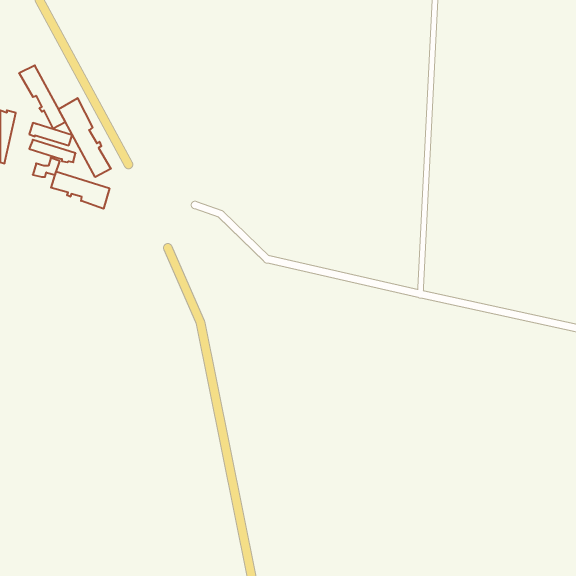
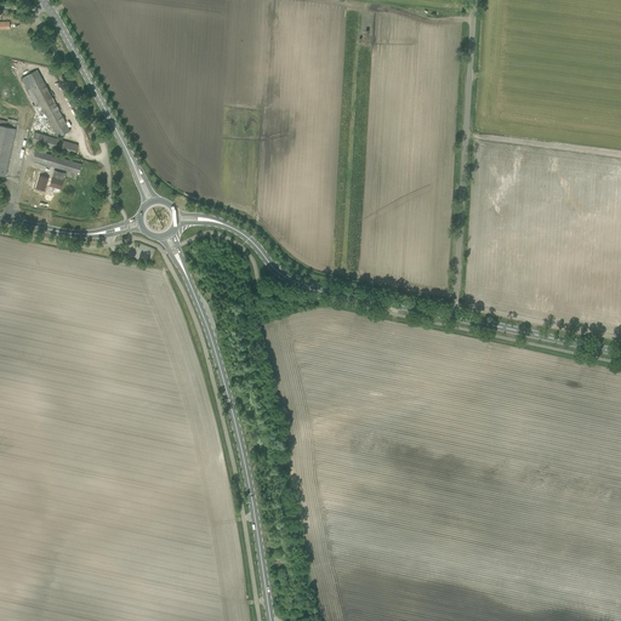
building: [59,98,111,177] -> none
building: [51,171,109,209] -> none

